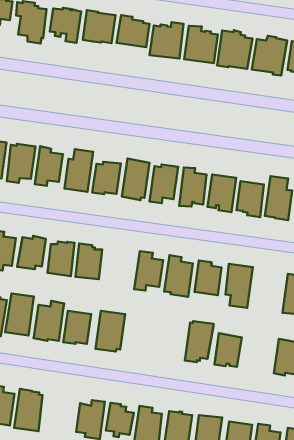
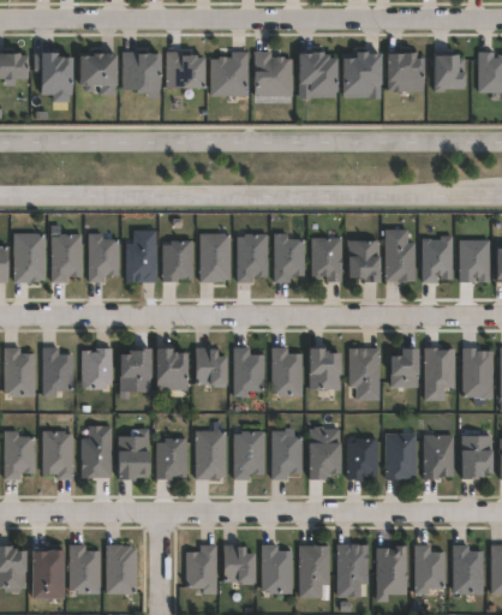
building: none -> [193,347,226,384]
building: none -> [392,347,418,387]
building: none -> [233,430,264,480]
building: none -> [271,431,303,479]
building: none -> [386,434,416,479]

